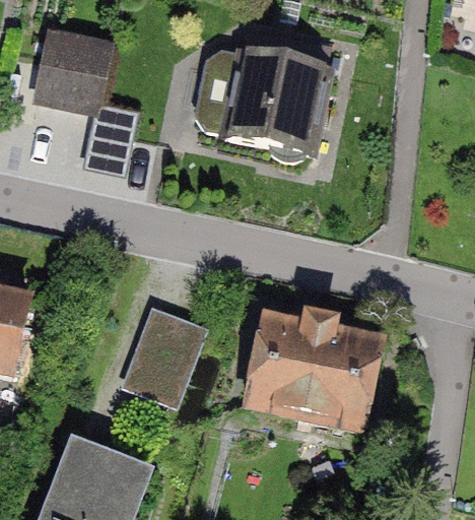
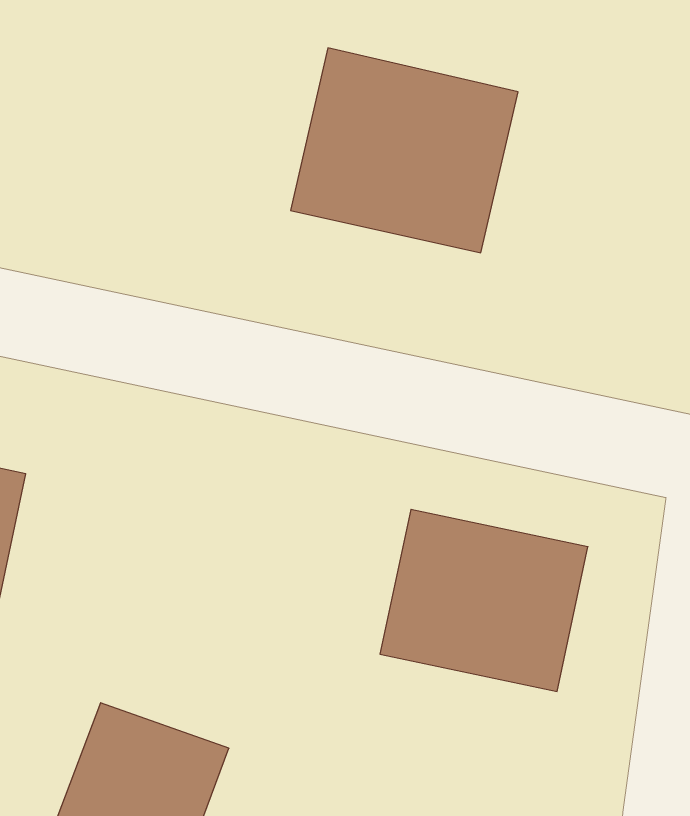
building: [40,38,127,119] -> none
building: [122,307,200,405] -> none

